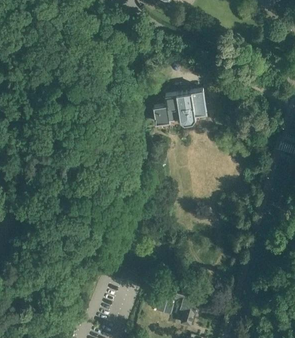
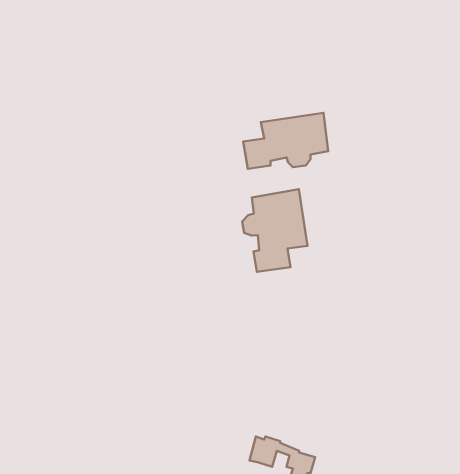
building: none -> [242,189,308,272]

